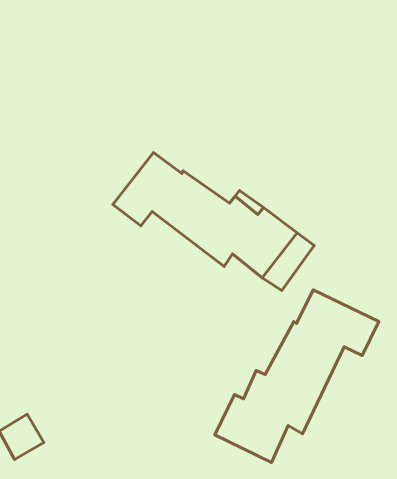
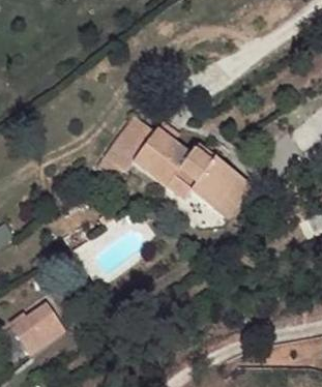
building: [215,290,379,462] -> none

